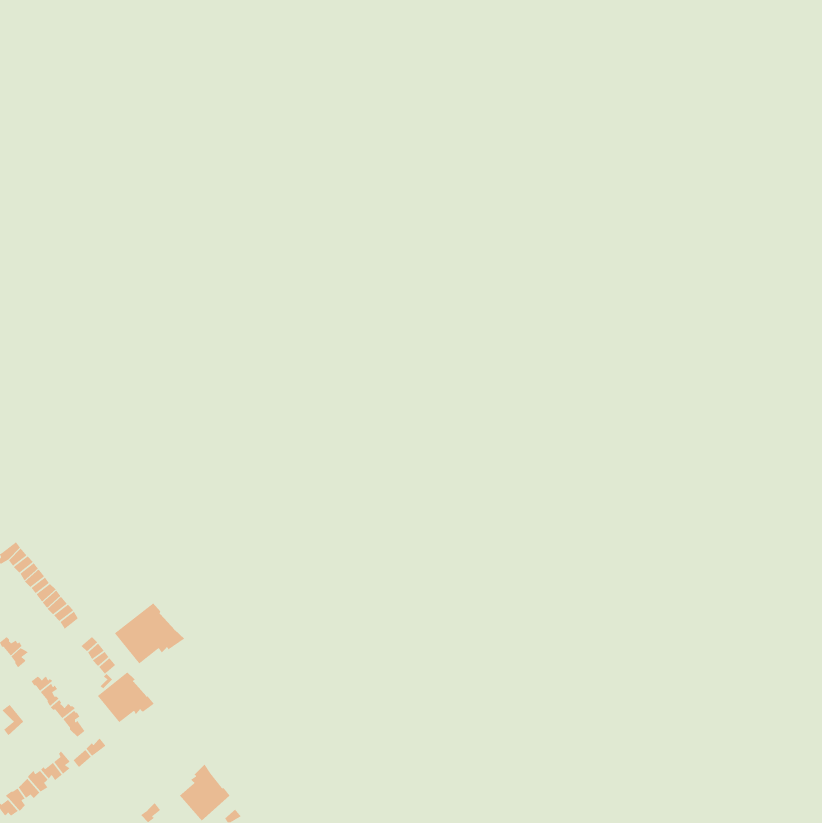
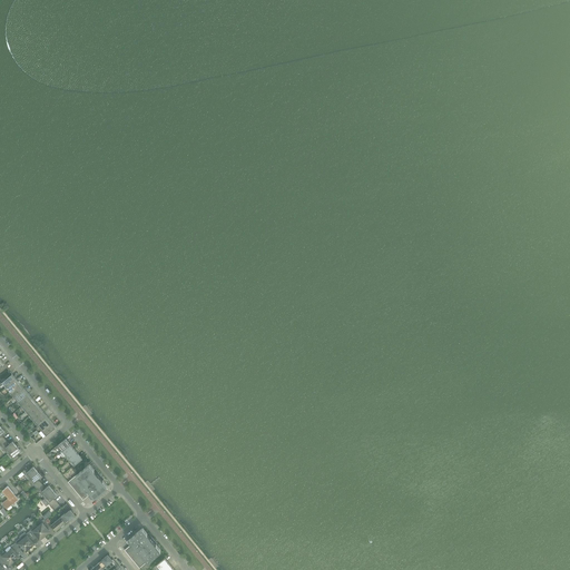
building: [114,603,185,665] -> none

